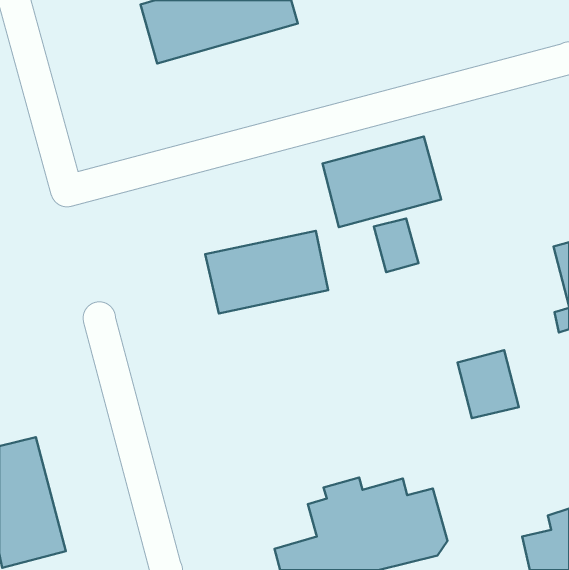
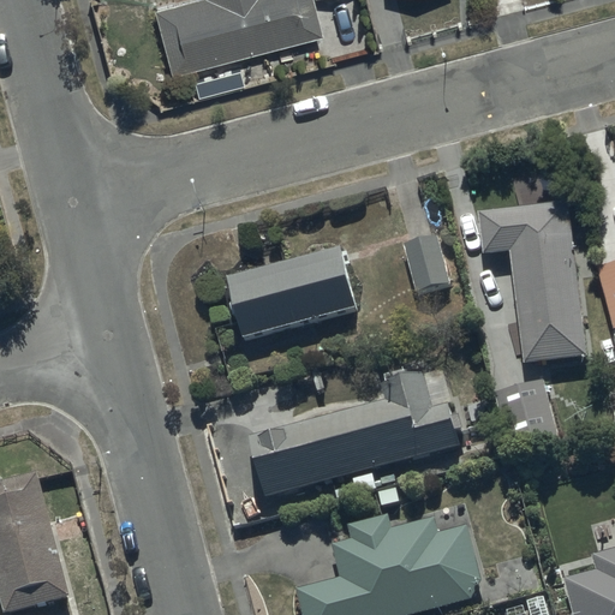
building: [323,137,441,227] -> none
building: none -> [478,201,586,363]
building: none -> [249,368,461,498]

